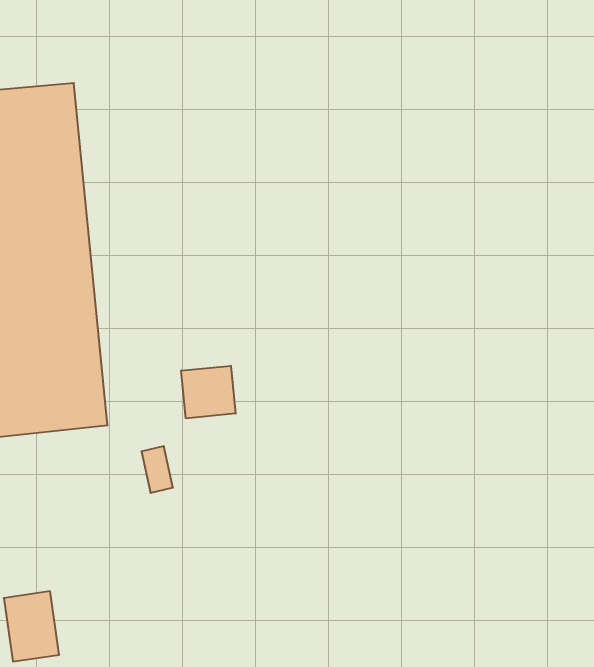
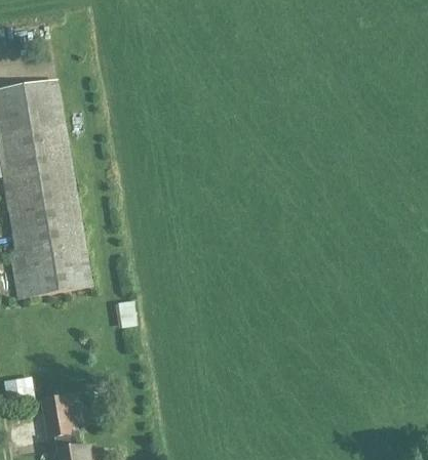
building: [181,366,236,418] -> none

